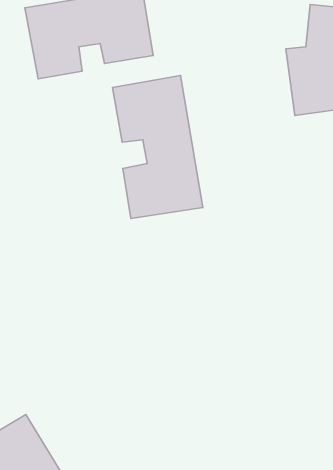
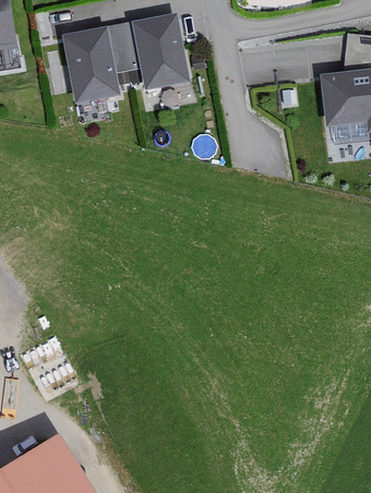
building: [112,75,203,219] -> none

